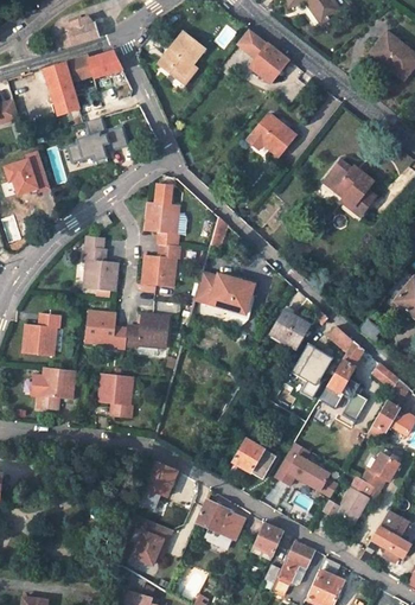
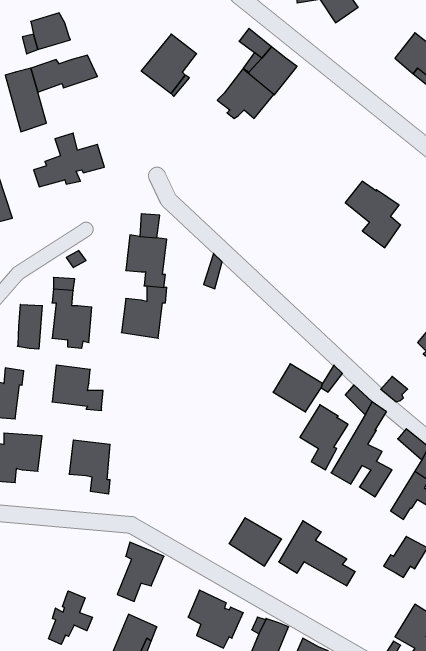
building: [247,115,294,157] -> [217,69,274,118]
building: none -> [18,304,42,349]
building: [194,273,253,313] -> none
building: [124,313,168,348] -> none
building: [321,477,371,523] -> none
building: none -> [49,591,92,644]

